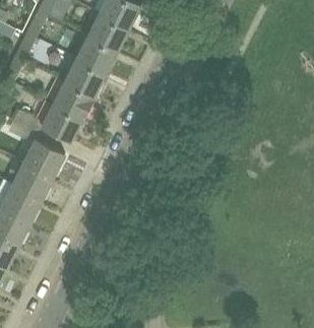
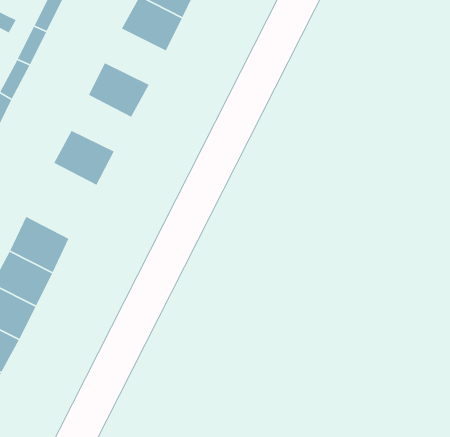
building: [75,36,117,73] -> none
building: [53,80,93,118] -> none
building: [22,139,64,177] -> none

